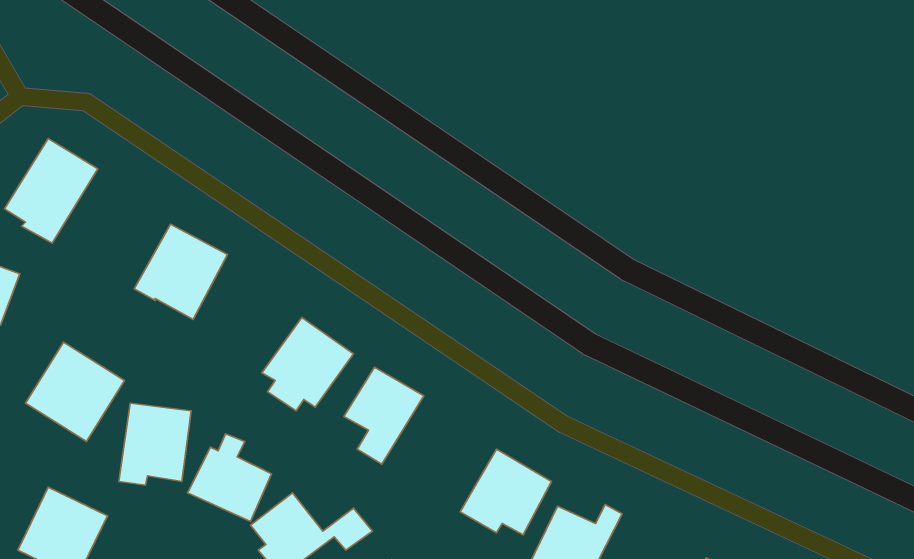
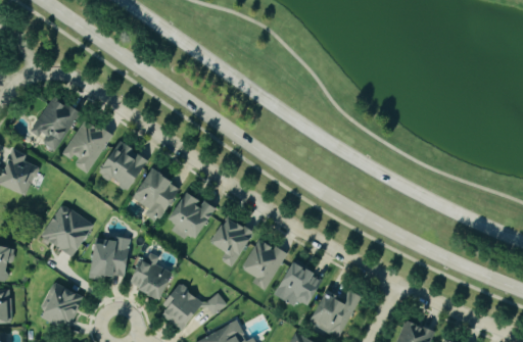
building: none -> [59,116,111,174]
building: none -> [132,167,180,223]
building: none -> [239,237,284,289]

